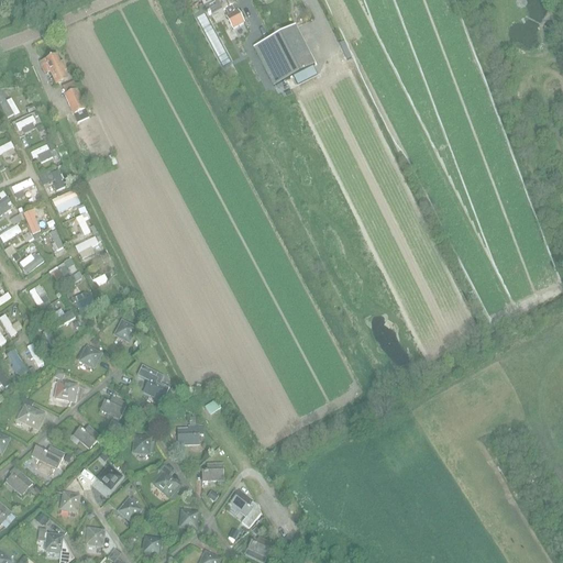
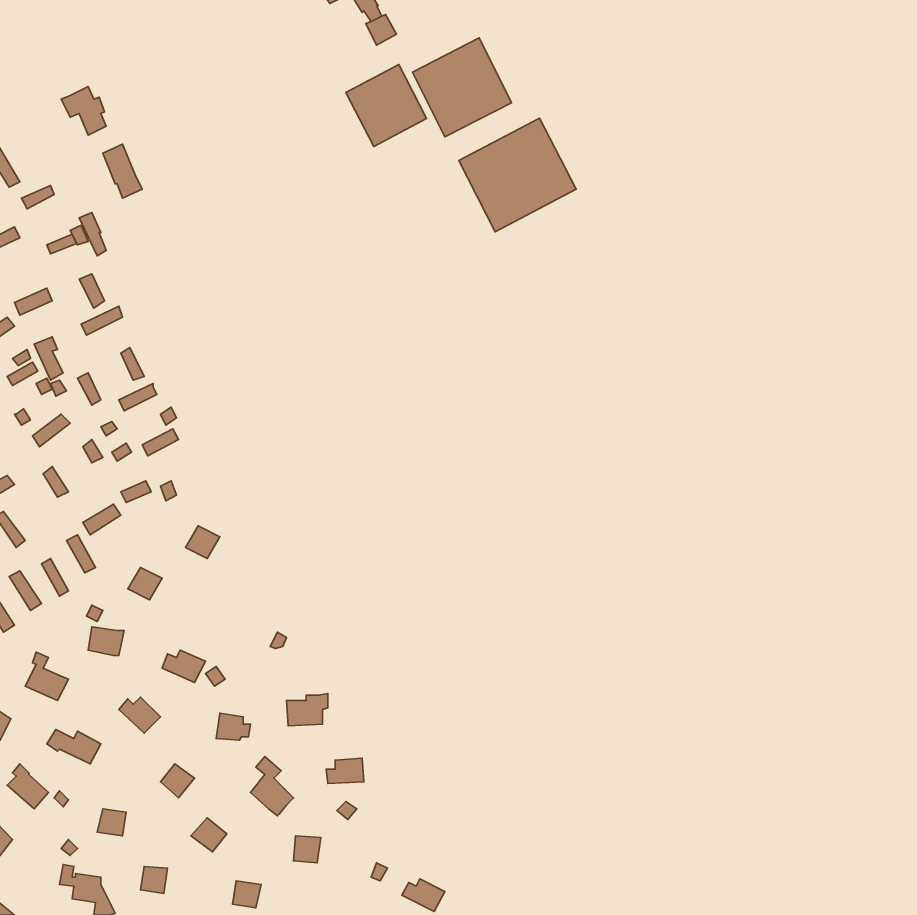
building: none -> [346,65,427,146]
building: none -> [459,118,576,232]
building: [135,364,166,399] -> none
building: [228,490,258,527] -> none

